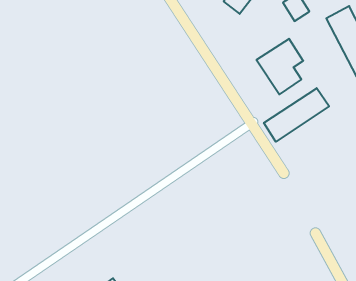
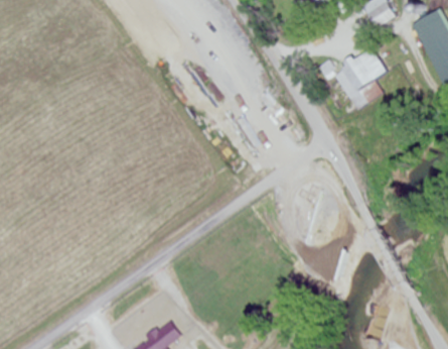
building: [264,88,329,142] -> none

